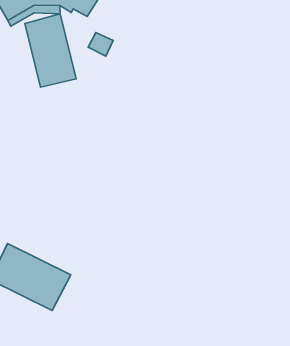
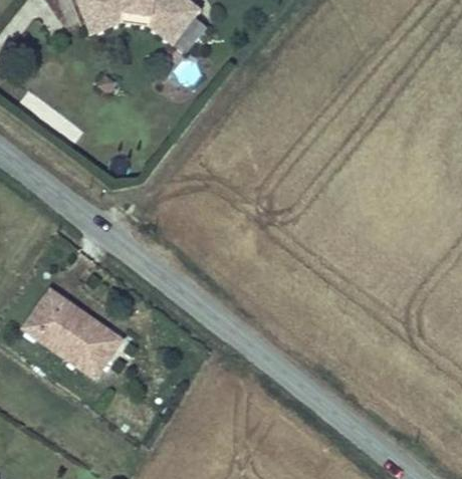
building: [25,14,76,87] -> none

